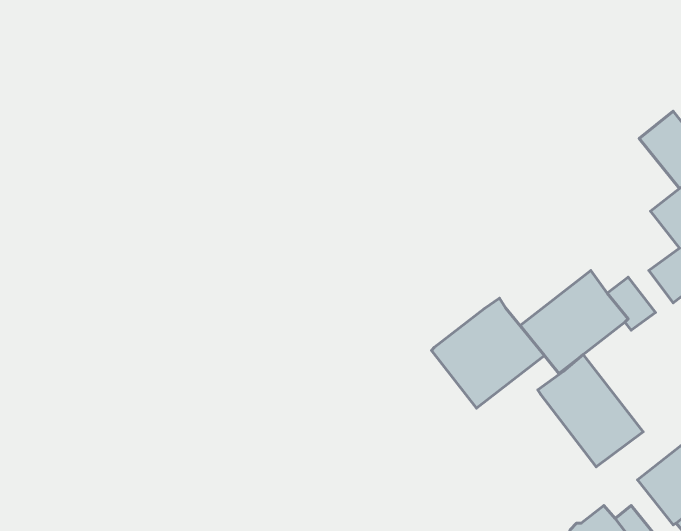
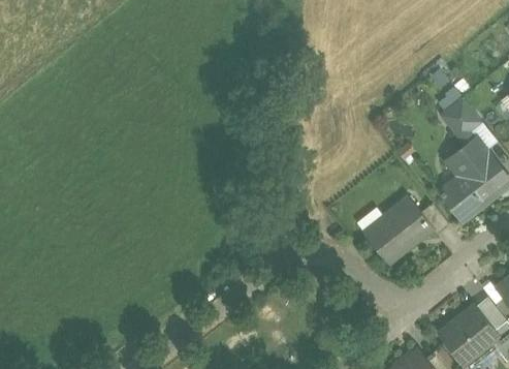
building: [432,298,544,408] -> none
building: [538,355,643,467] -> none

